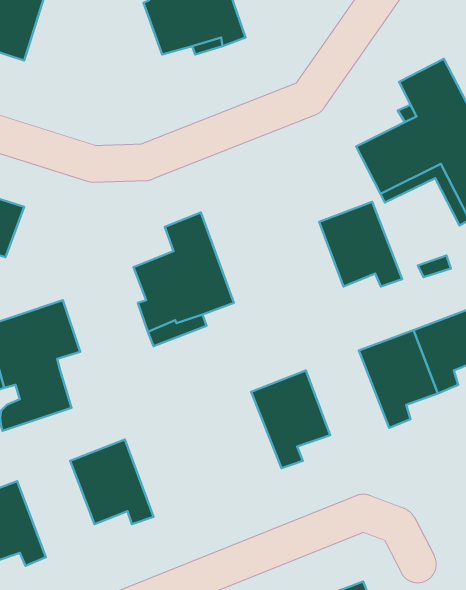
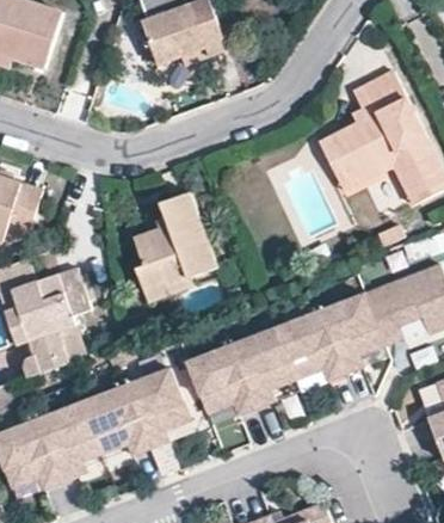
building: [319,202,402,286] -> [276,309,345,380]
building: none -> [186,344,255,414]
building: none -> [125,367,190,448]
building: none -> [36,401,100,481]

